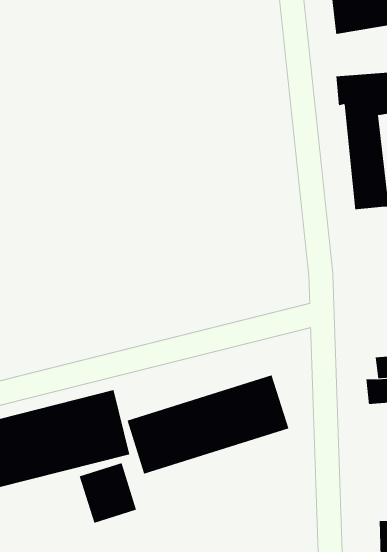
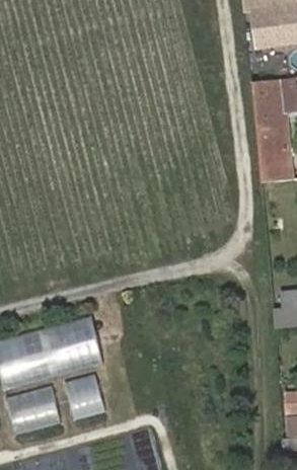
building: [127,375,289,474] -> none
building: none -> [10,386,57,426]

